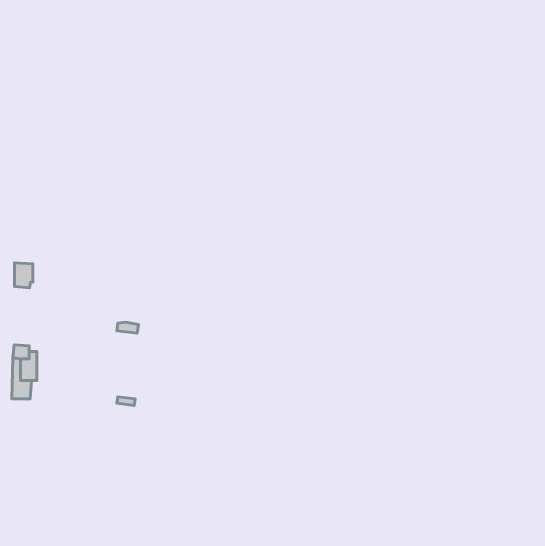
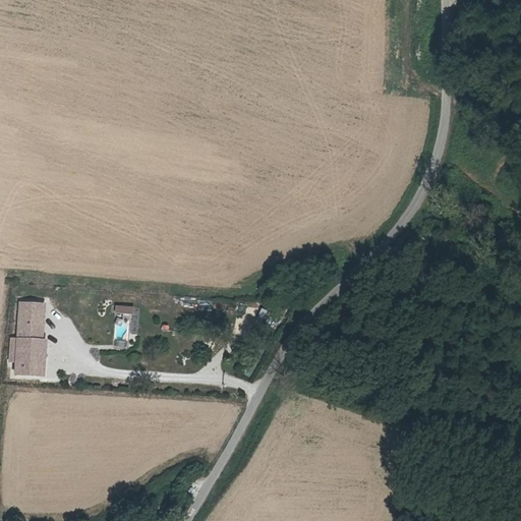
building: [14,263,33,288] -> [20,302,38,326]

